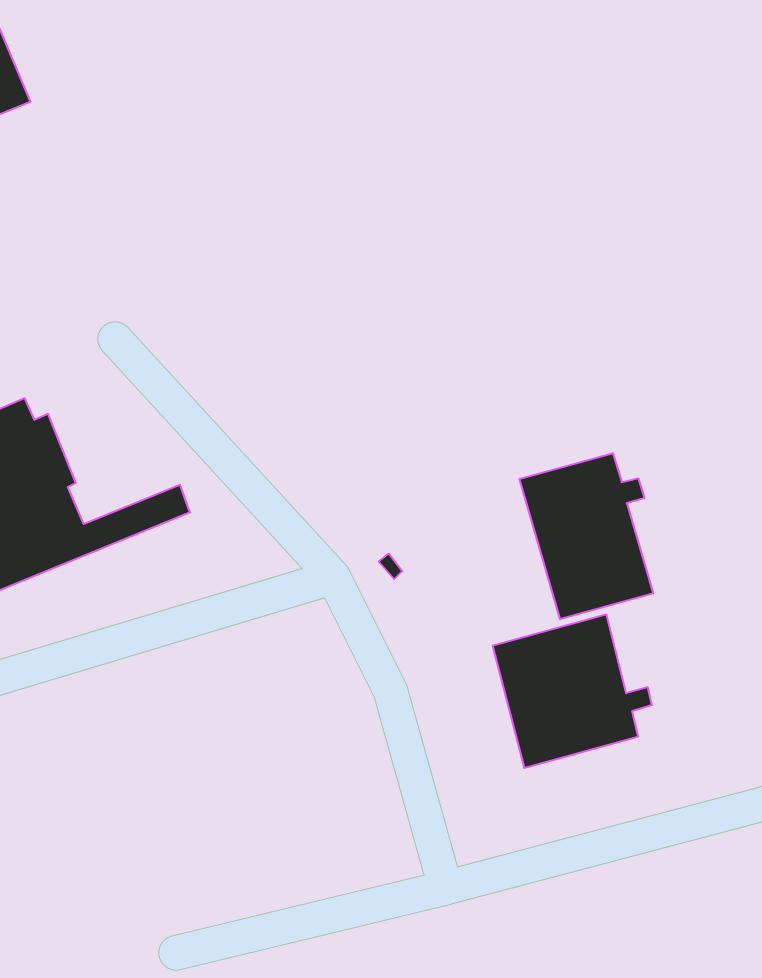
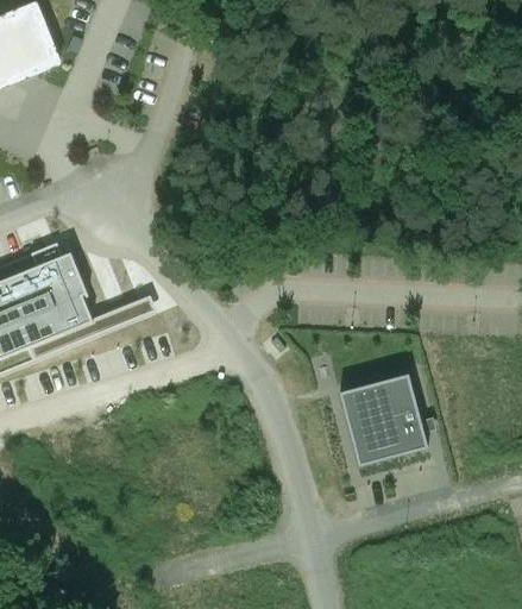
building: [520,453,653,619] -> none

